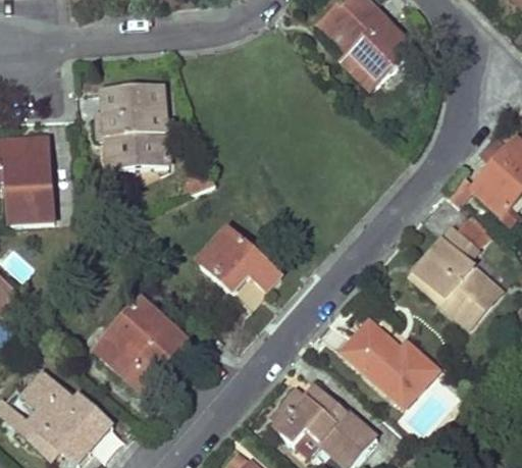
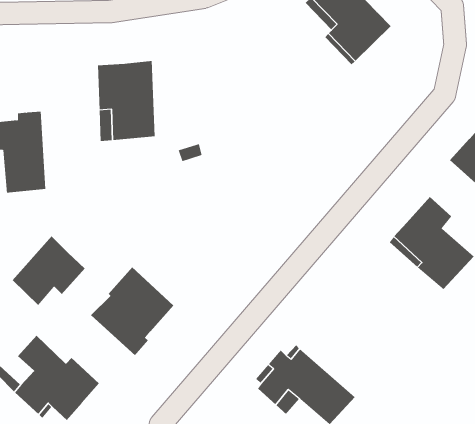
building: [199,227,280,291] -> none
building: none -> [12,235,85,306]
building: [344,319,437,404] -> none

